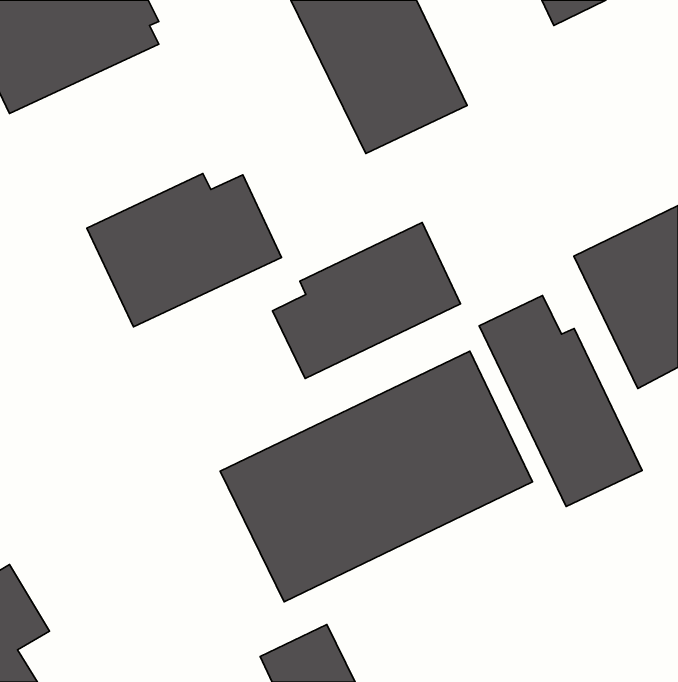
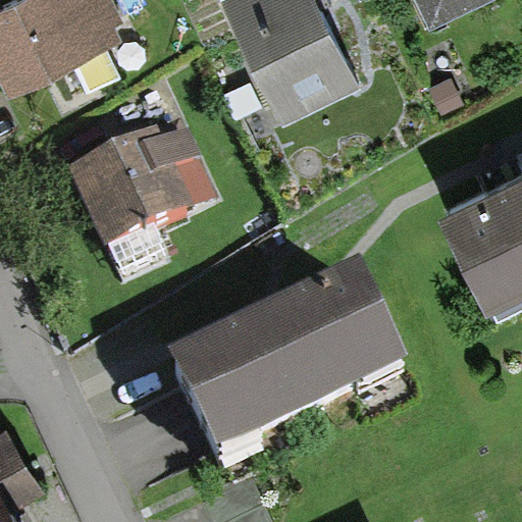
building: [272,223,461,379] -> none
building: [479,295,642,507] -> none

